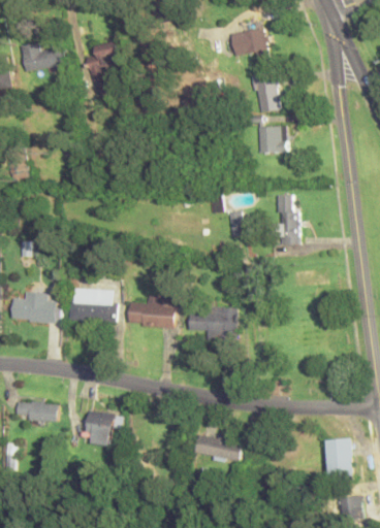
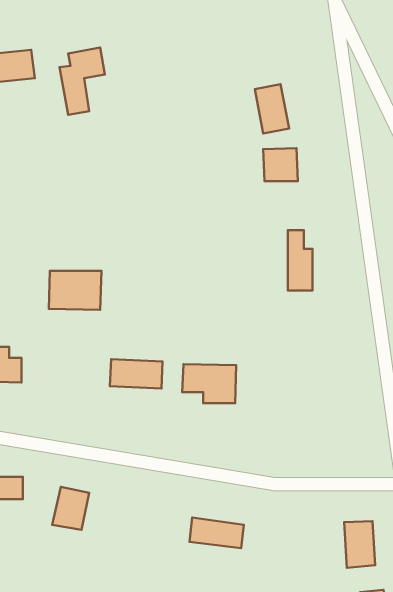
building: [231,28,270,60] -> none
building: [70,290,115,323] -> [49,271,102,310]

